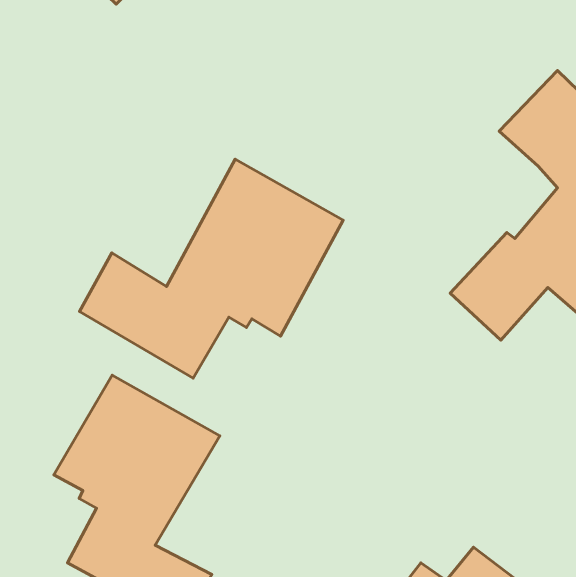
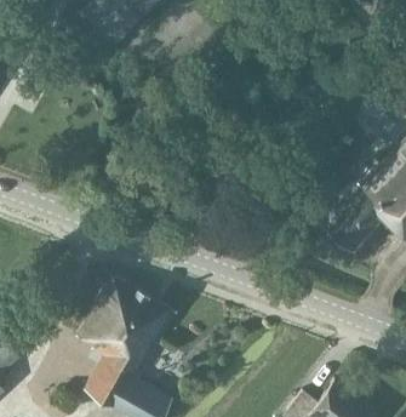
building: [80,159,343,378] -> none

